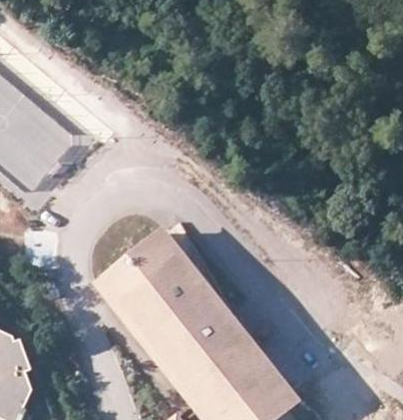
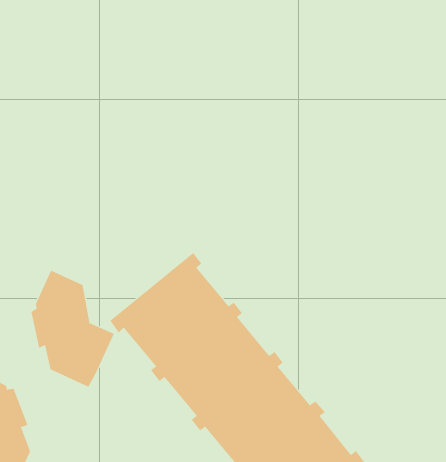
building: none -> [31,270,114,387]

